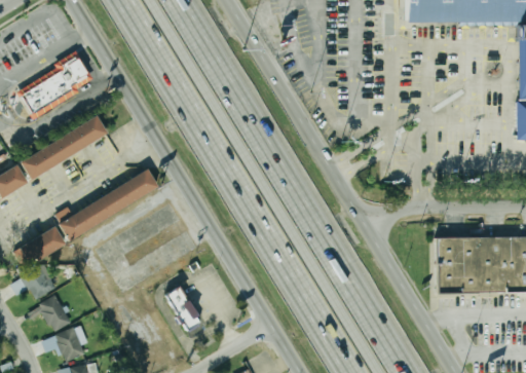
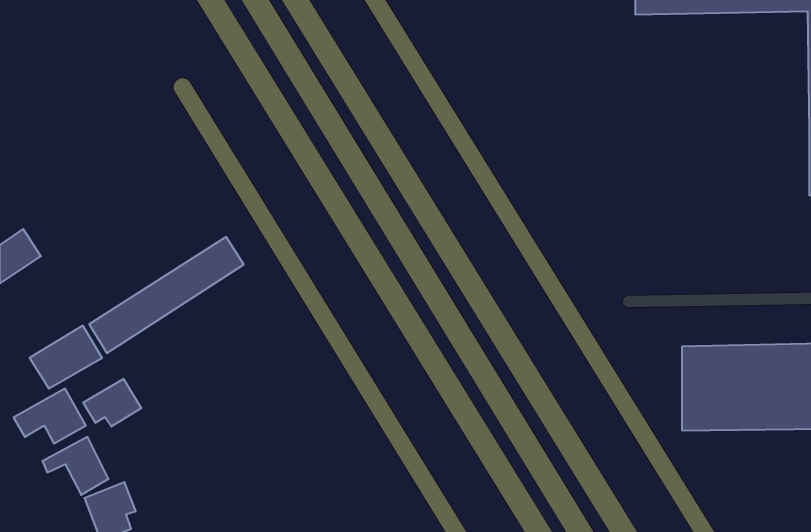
building: [18,51,96,121] -> none
building: [21,114,108,180] -> none
building: none -> [83,379,141,427]
building: [170,287,201,333] -> none

